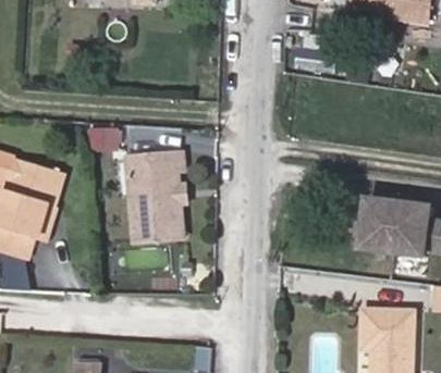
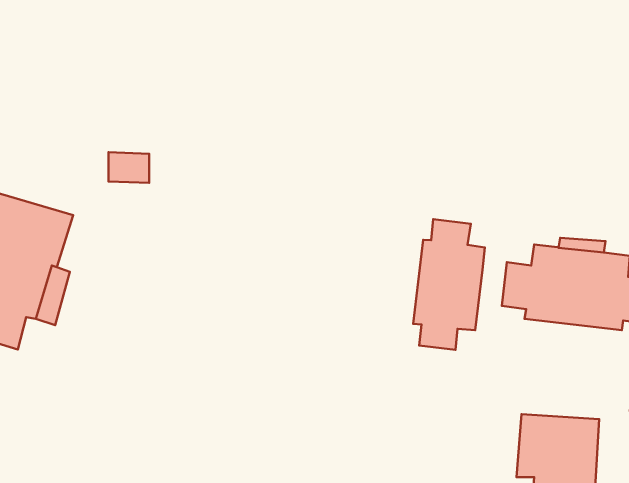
building: [128,156,182,243] -> none
building: none -> [413,219,485,350]

